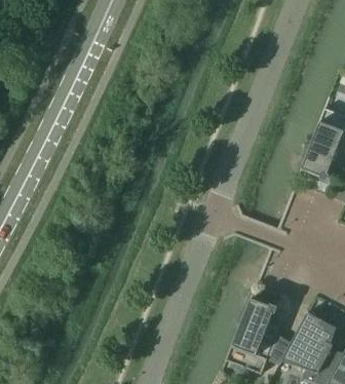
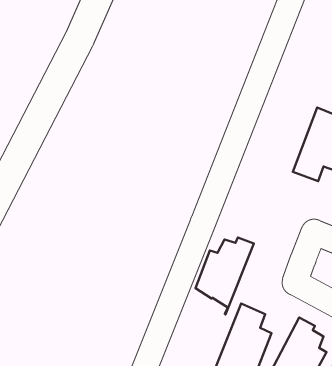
building: none -> [196,238,254,315]

